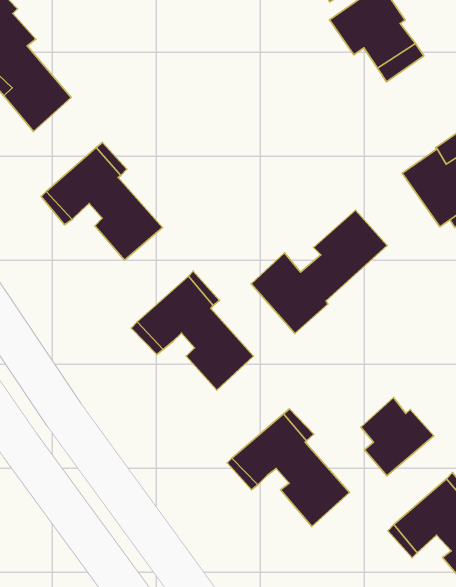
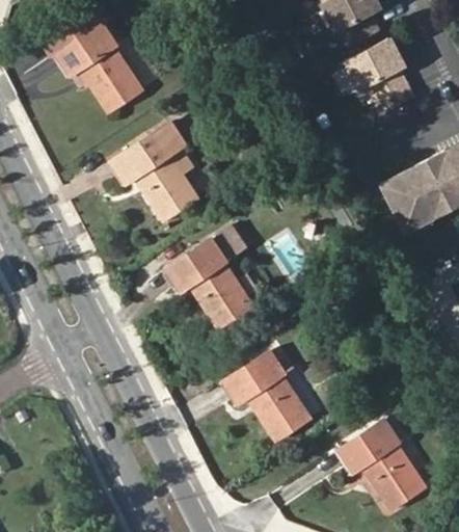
building: [251,210,387,334] -> none
building: [361,398,434,476] -> none

